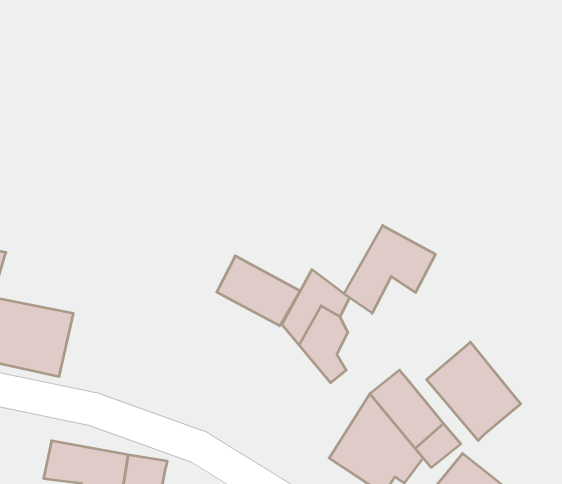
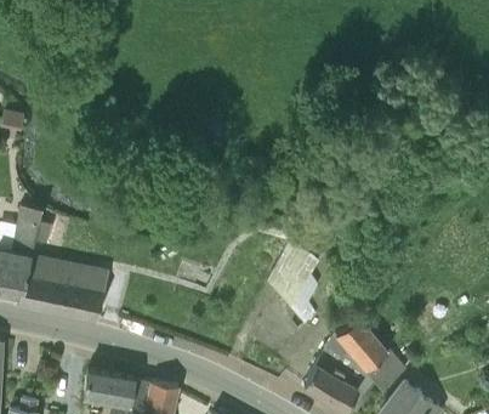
building: [344,225,435,313] -> none
building: [217,256,300,326] -> none
building: [427,342,521,441] -> none

